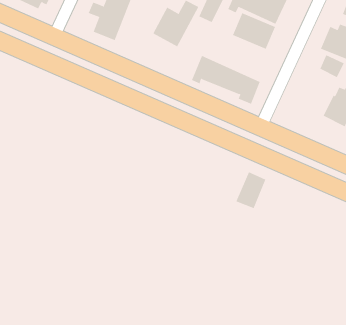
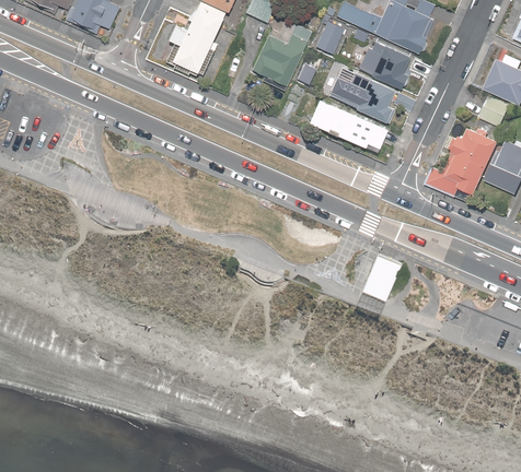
building: none -> [326,72,414,126]
building: none -> [426,128,501,201]

